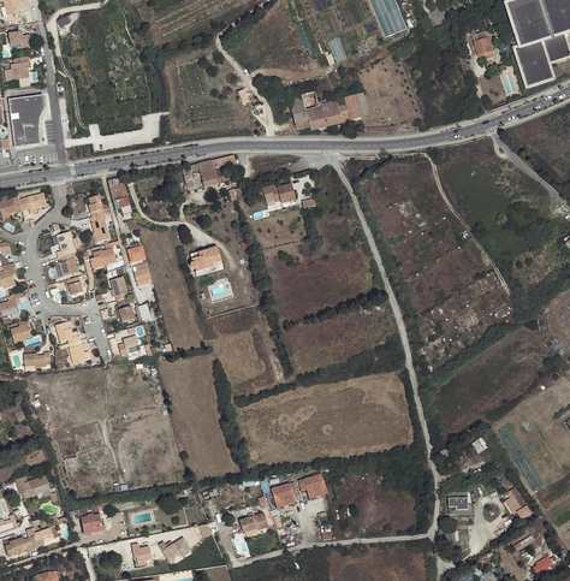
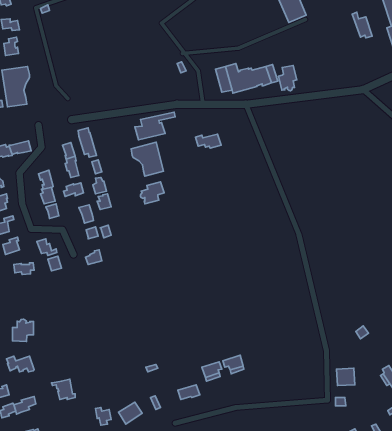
building: none -> [278,66,297,91]
building: none -> [131,142,164,176]
building: none -> [12,319,34,342]

